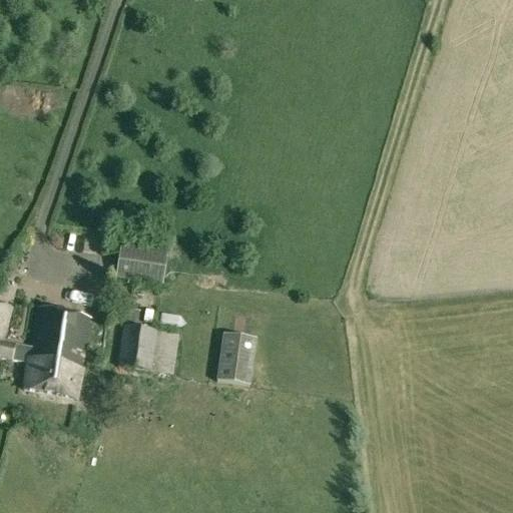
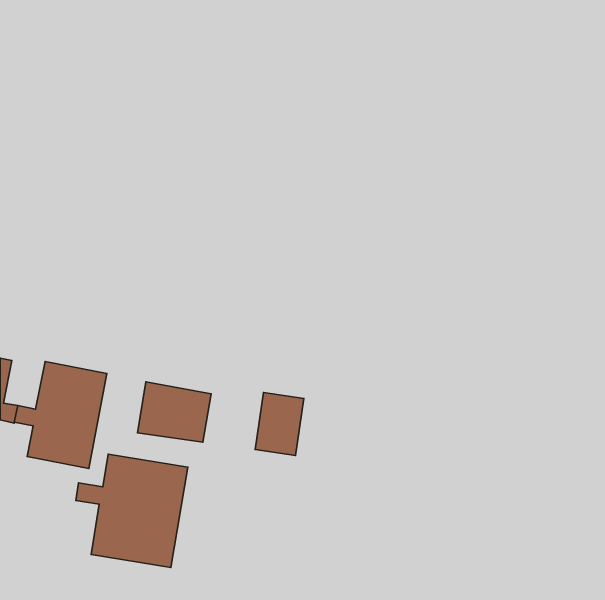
building: [115,241,168,284] -> none
building: none -> [76,454,188,568]

